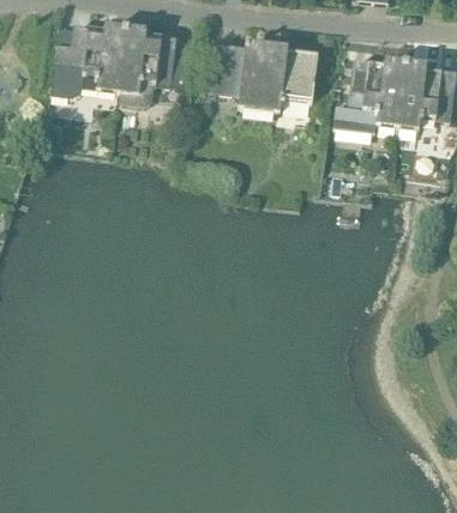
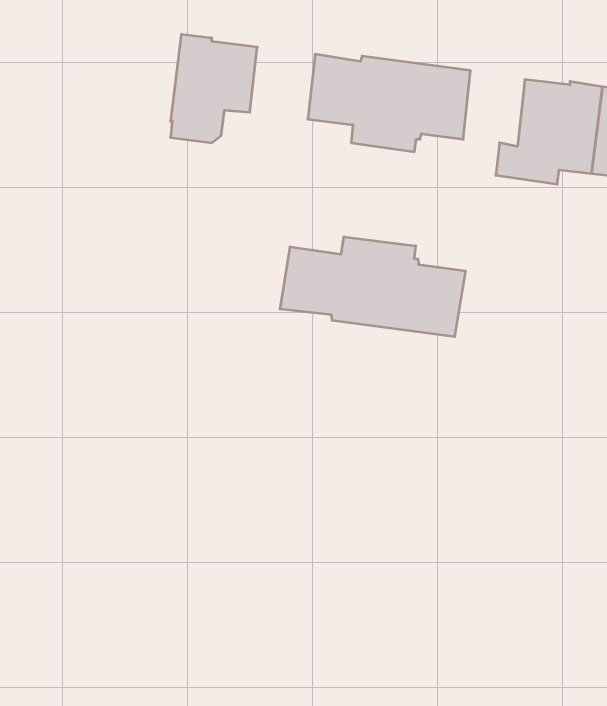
building: [52,26,126,96] -> none
building: none -> [280,237,466,337]

